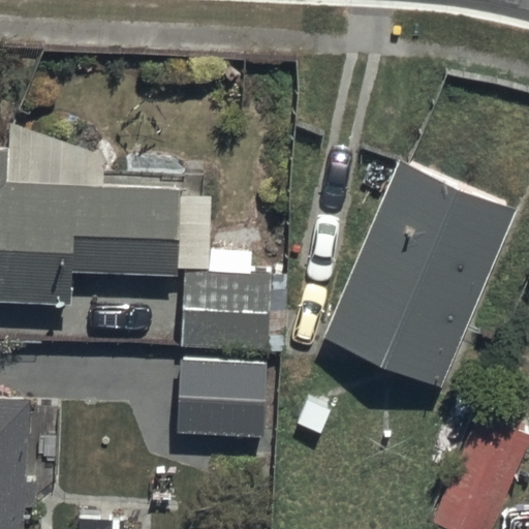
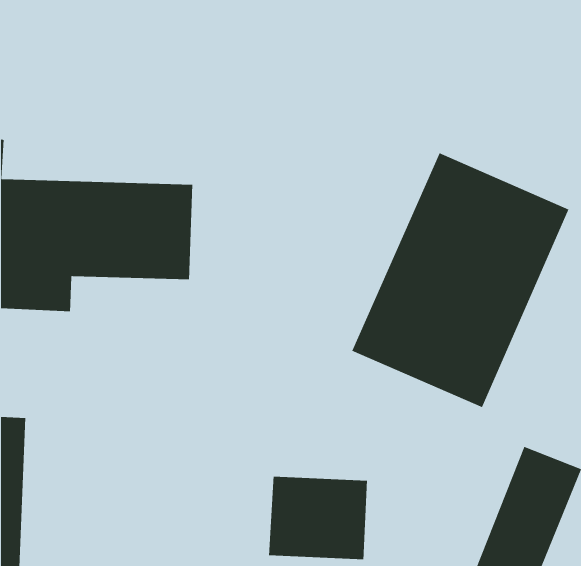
building: [181,271,271,350] -> none
building: [176,361,266,437] -> [268,476,368,560]

